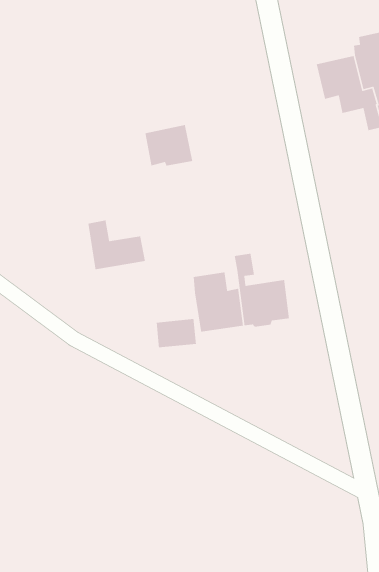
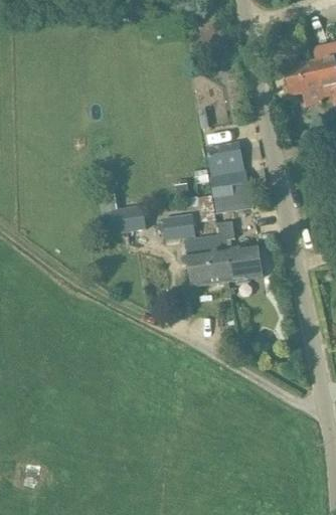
building: [145,124,193,166] -> [205,140,244,174]
building: none -> [213,182,254,213]
building: [156,318,197,348] -> [161,214,194,238]

